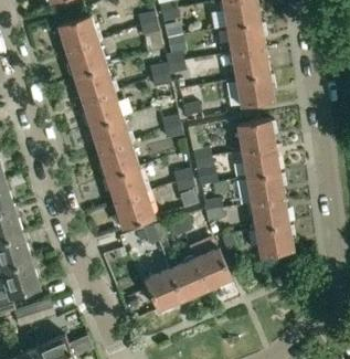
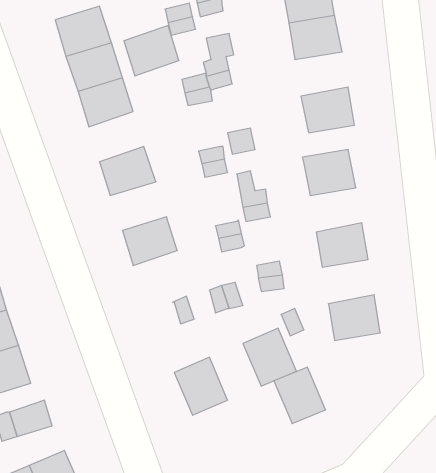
building: [231,47,269,80] -> none
building: [82,91,121,127] -> [124,25,179,76]
building: [97,141,138,177] -> none
building: [242,146,279,178] -> none
building: [114,191,155,229] -> none
building: [251,198,288,230] -> none
building: [169,258,206,299] -> [274,367,326,424]

